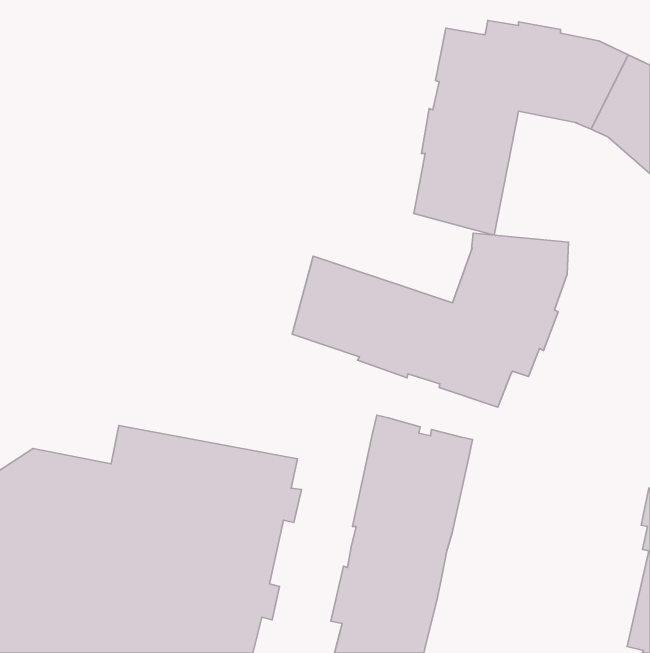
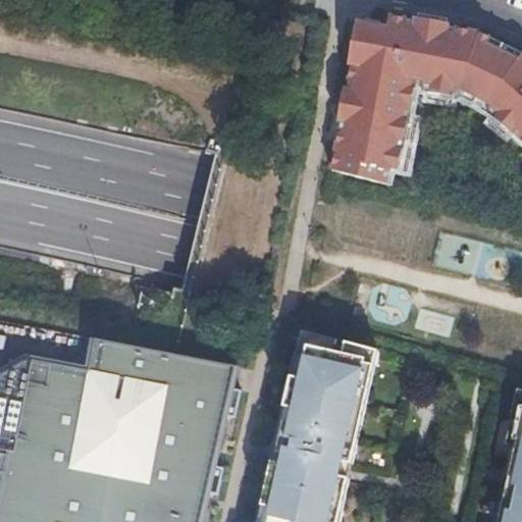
building: [292,233,569,407] -> none

